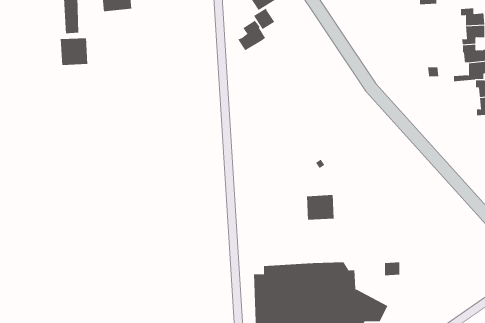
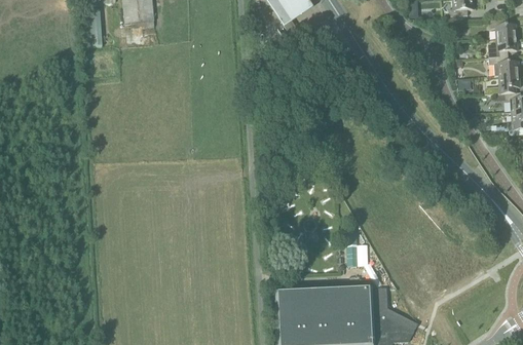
building: [238,20,266,51] -> none
building: [60,37,88,66] -> none
building: [306,194,334,221] -> none

